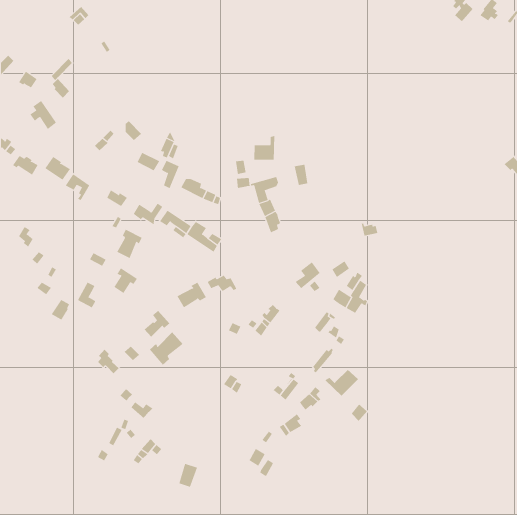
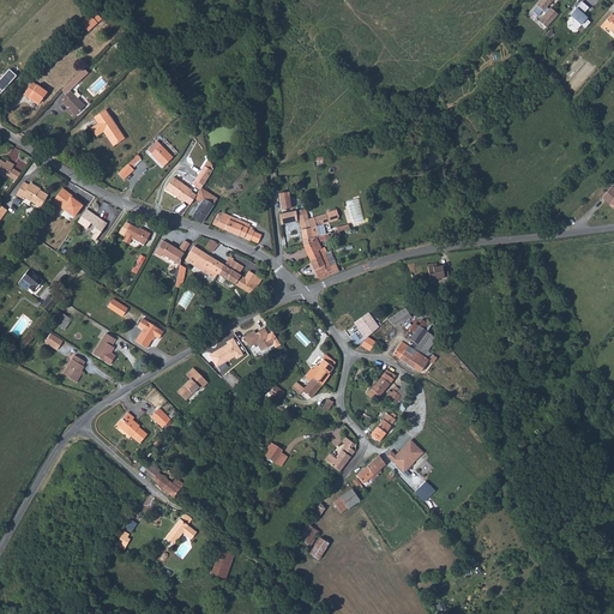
building: [29,100,57,130] -> [90,112,122,146]
building: [254,135,275,161] -> none
building: [116,229,142,259] -> none
building: [149,332,183,365] -> none

